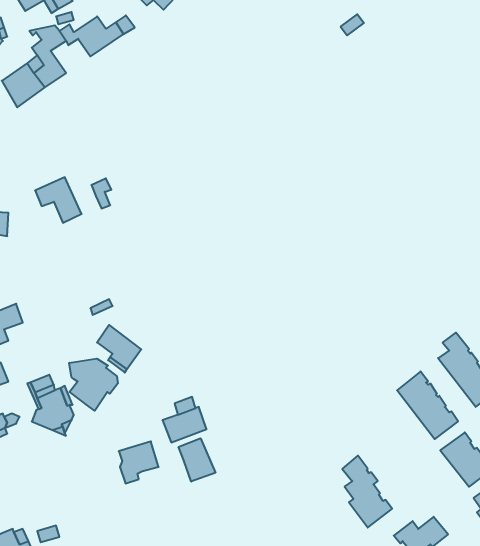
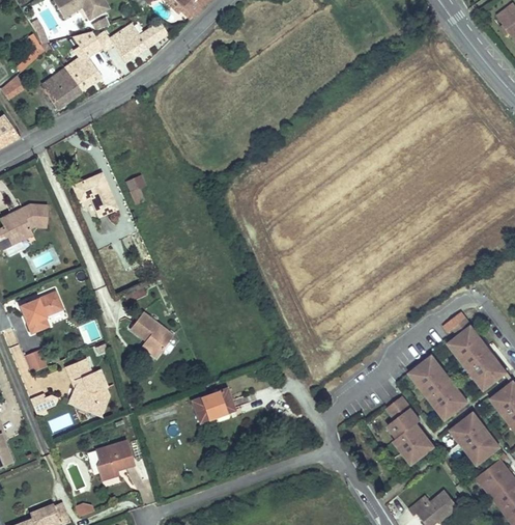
building: [69,359,118,411] -> none
building: [179,438,215,482] -> none
building: [119,441,159,483] -> [95,441,133,480]
building: [342,456,392,528] -> [387,396,433,464]

